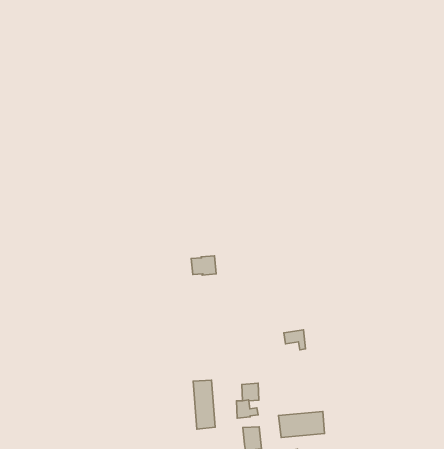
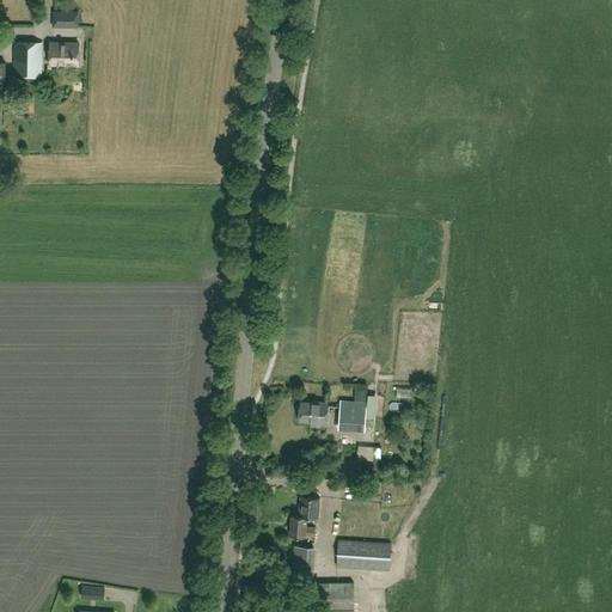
building: [191,256,216,275] -> [299,402,328,424]
building: none -> [338,391,372,430]
building: [193,380,215,429] -> none

